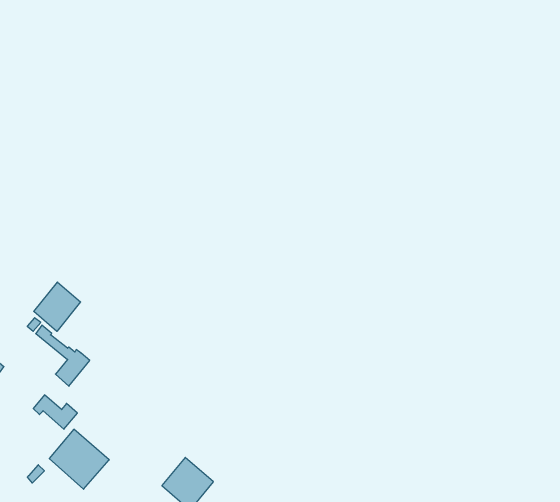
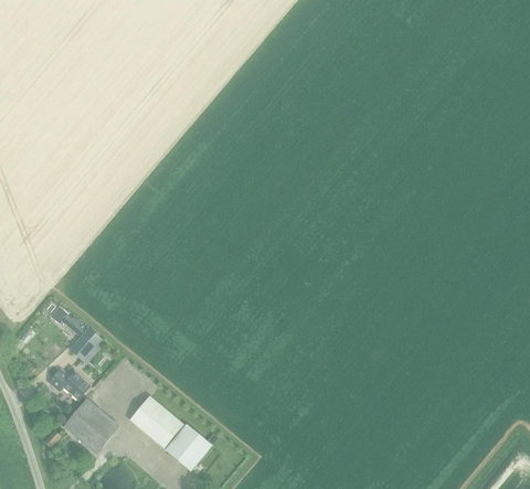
building: [34,282,81,331] -> none
building: none -> [134,398,181,444]

